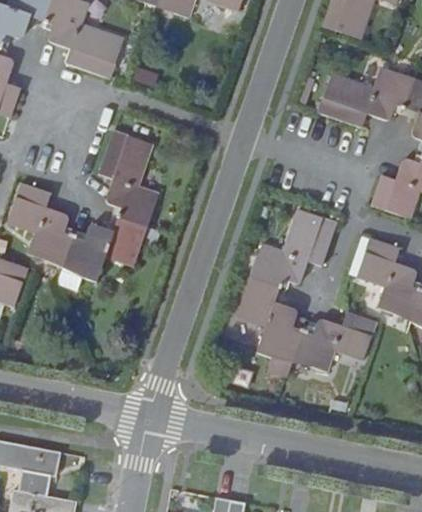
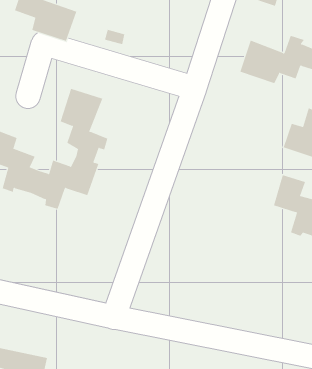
building: [234,209,374,374] -> none

